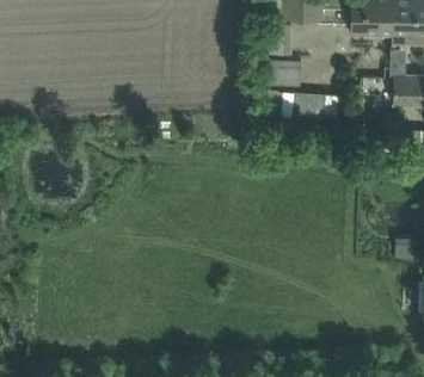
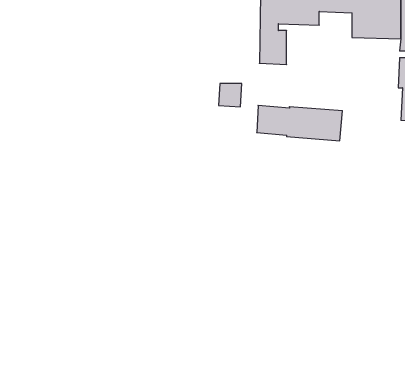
building: [269,63,302,88] -> none

